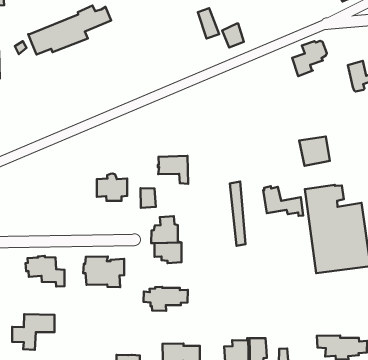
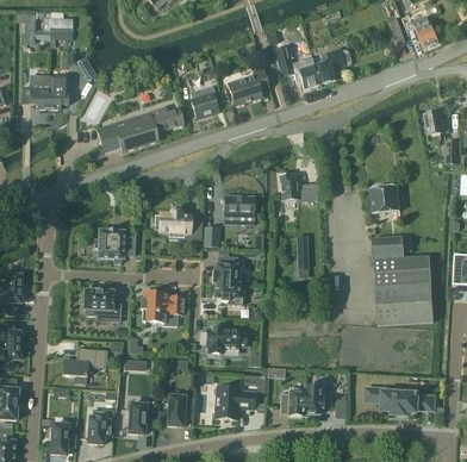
building: [28,5,111,54] -> [96,106,182,152]
building: none -> [226,68,268,105]
building: [292,41,327,76] -> [315,48,350,82]
building: none -> [189,85,217,118]
building: [263,186,303,216] -> [279,171,318,204]
building: none -> [94,227,133,262]

